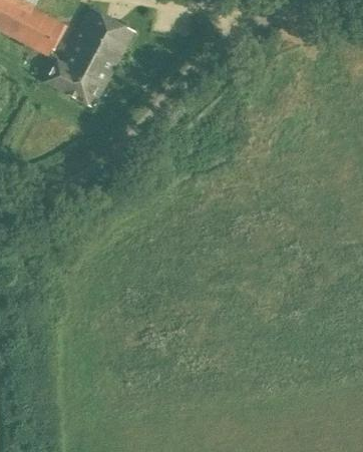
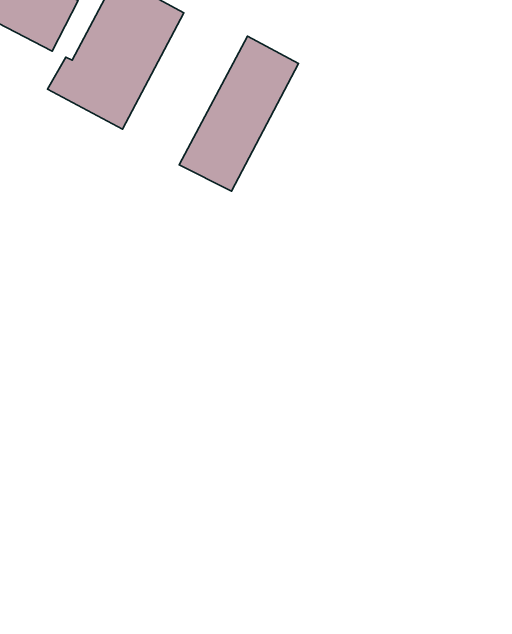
building: none -> [179,36,298,191]

